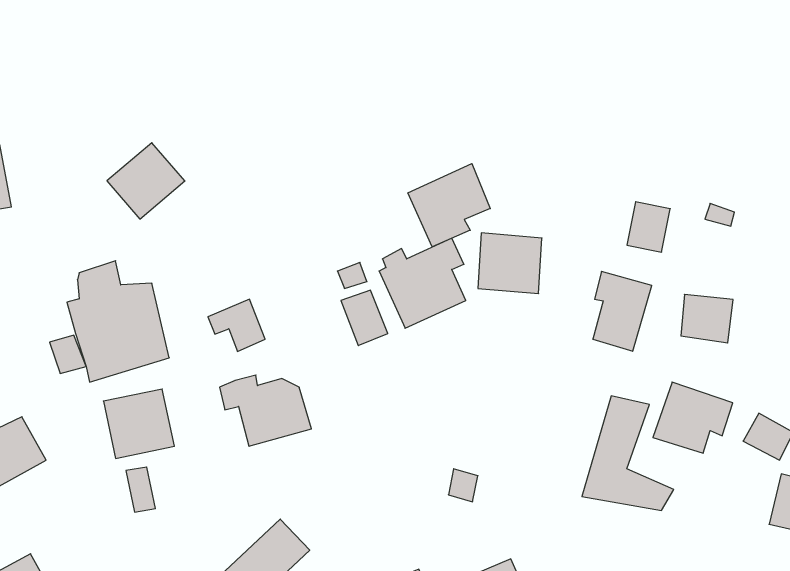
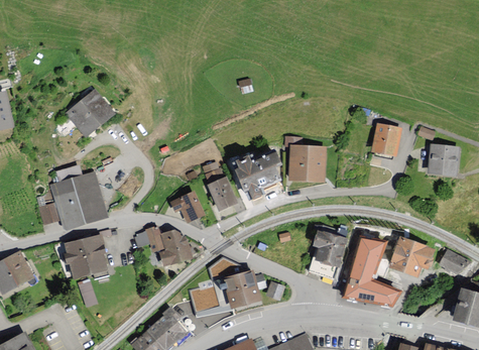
building: [408,164,490,247] -> none
building: [593,271,652,351] -> [312,235,346,281]
building: [681,294,733,343] -> [426,148,456,177]
building: [208,299,265,351] -> [166,191,200,221]
building: none -> [189,259,259,317]

